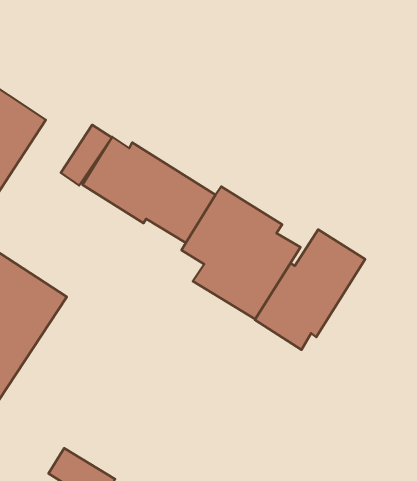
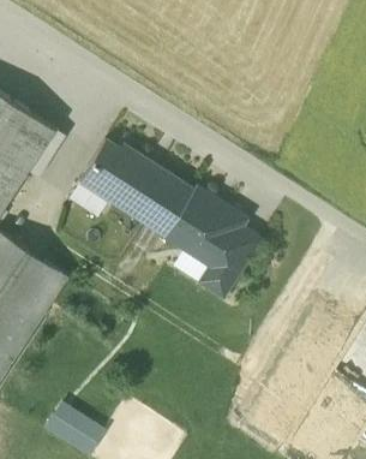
building: [61,125,112,186] -> [22,127,65,179]
building: [255,229,365,350] -> none

